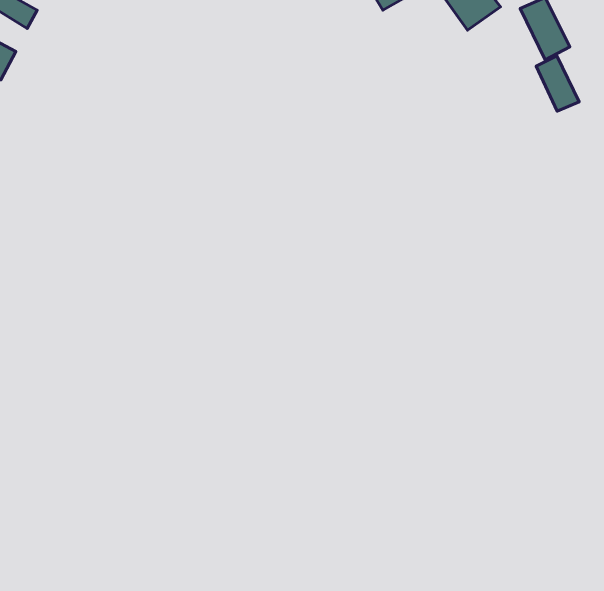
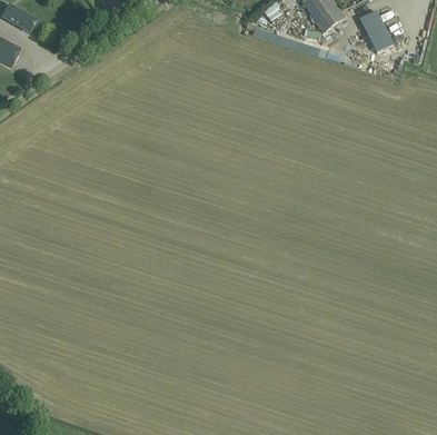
building: [536,56,579,111] -> none

